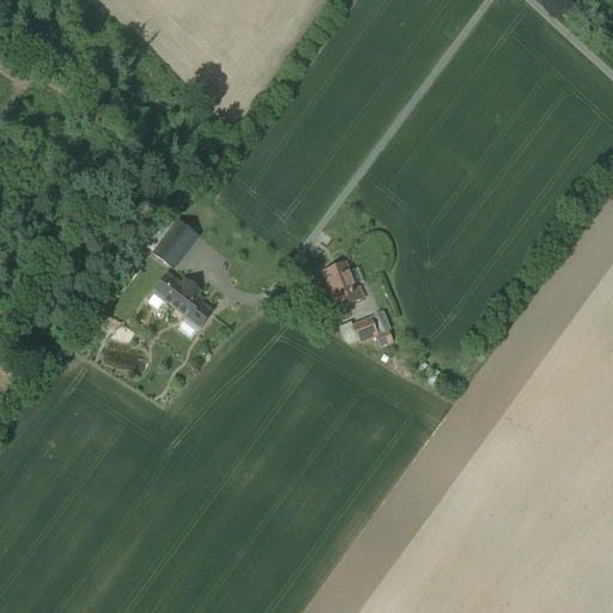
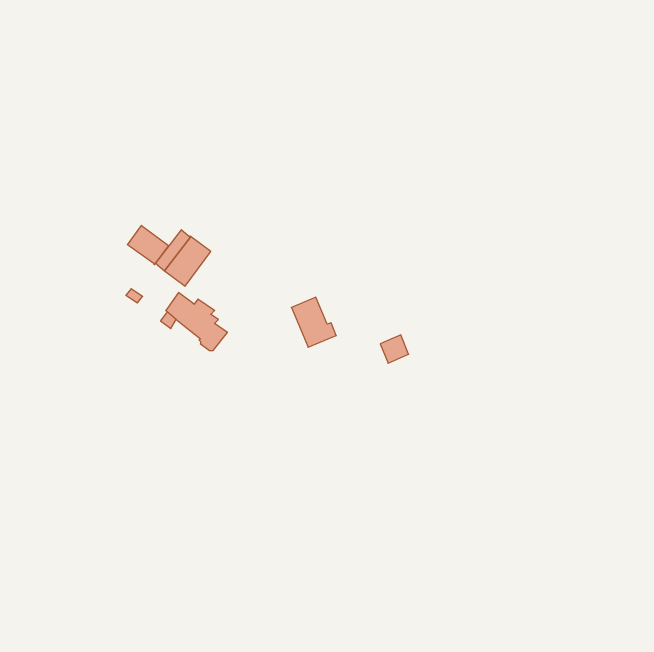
building: none -> [127,225,168,265]
building: [324,261,366,308] -> [291,297,336,347]

